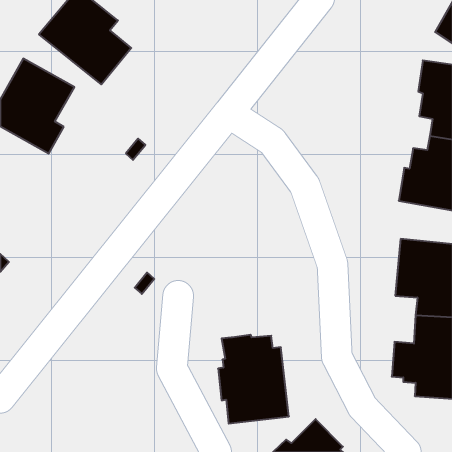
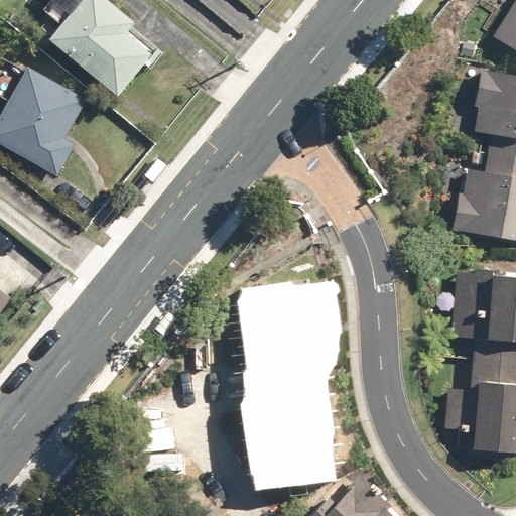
building: none -> [246,290,329,383]

